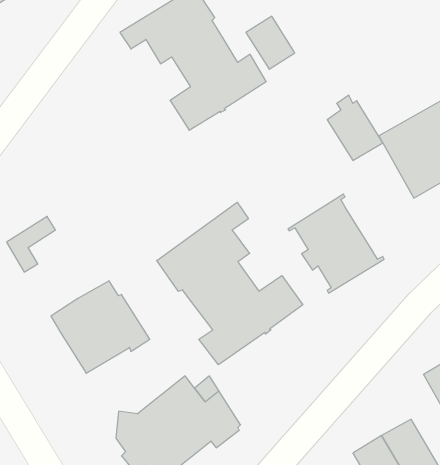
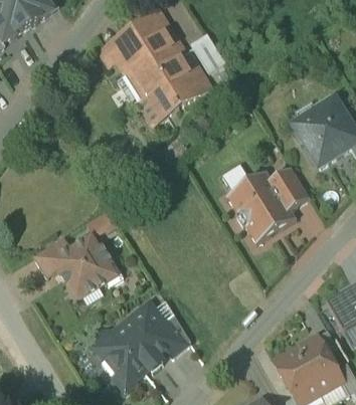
building: [327,95,383,160] -> [269,161,310,209]
building: [157,202,303,365] -> none
building: [7,216,55,272] -> [33,235,69,276]

